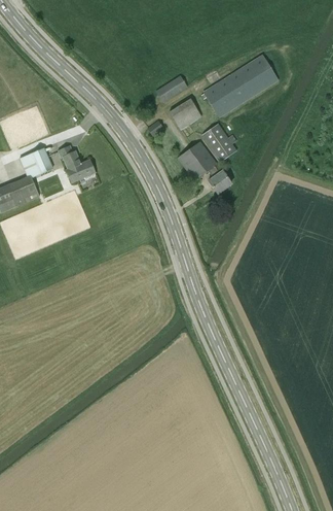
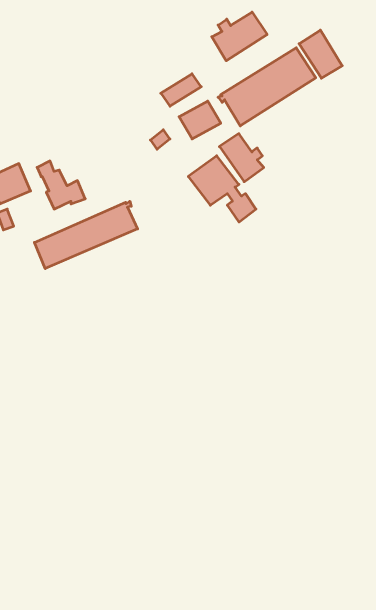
building: none -> [212,12,267,61]
building: none -> [299,30,342,78]
building: none -> [34,201,138,269]

